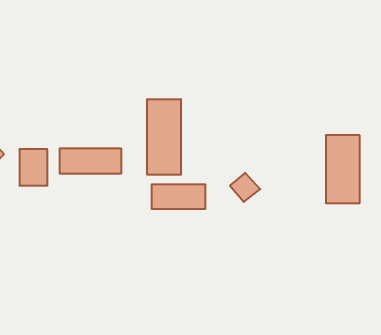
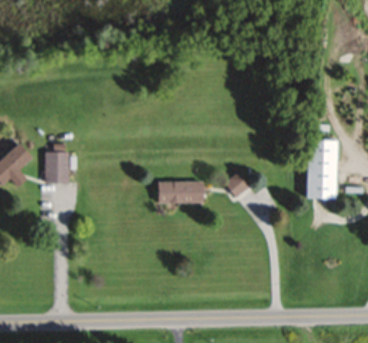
building: [147,99,181,175] -> none
building: [60,148,121,174] -> none

